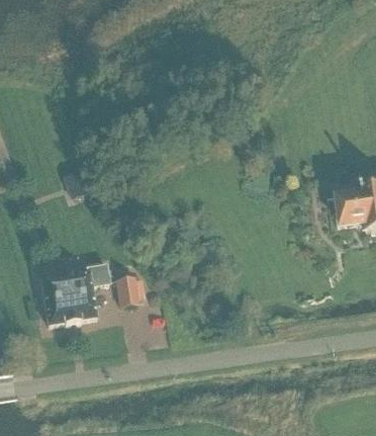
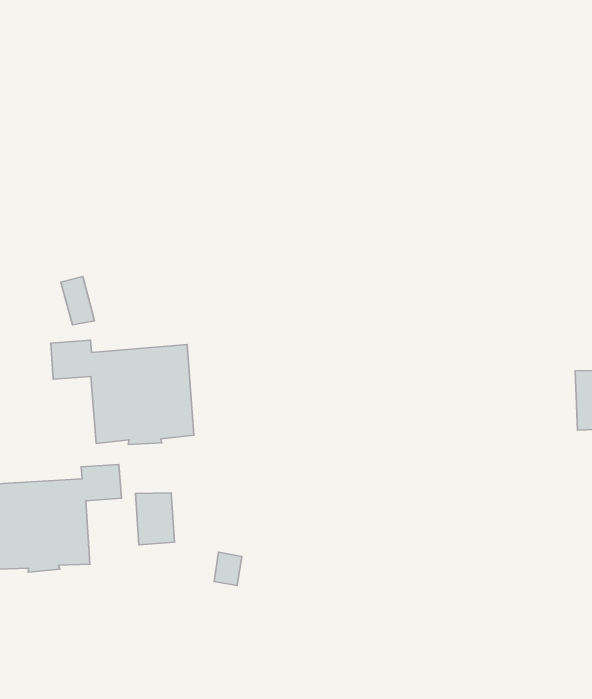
building: none -> [51,340,194,444]

